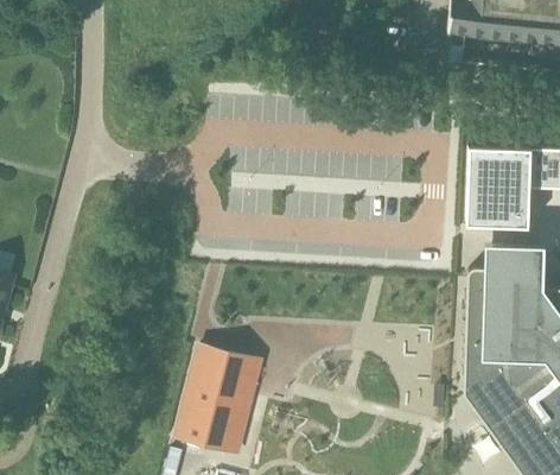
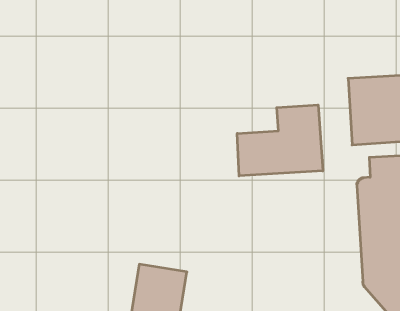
building: none -> [237,105,323,176]

